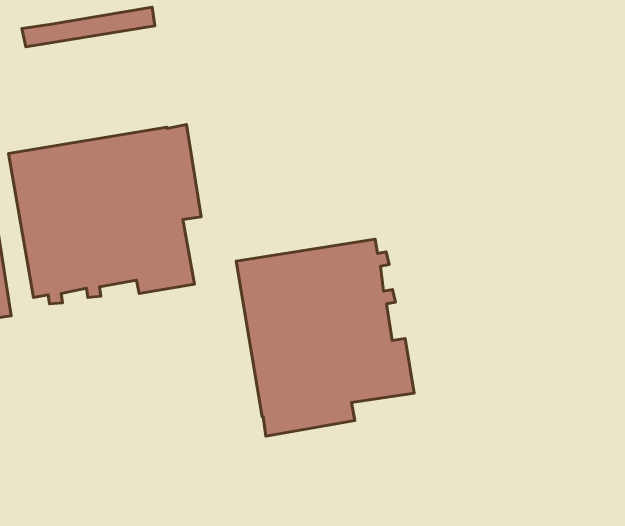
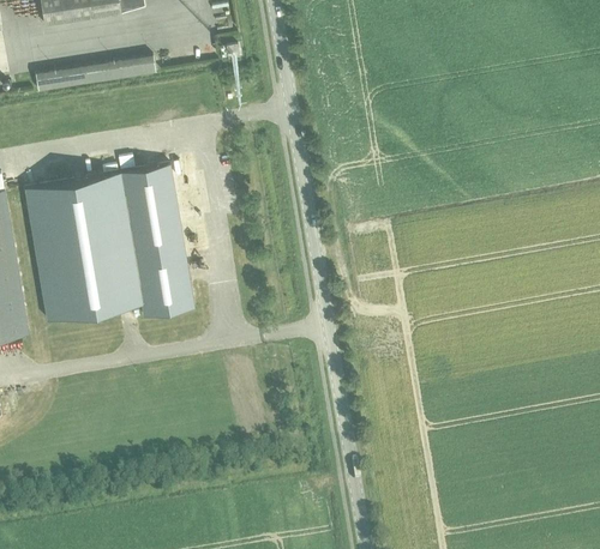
building: [236,239,414,436] -> none

